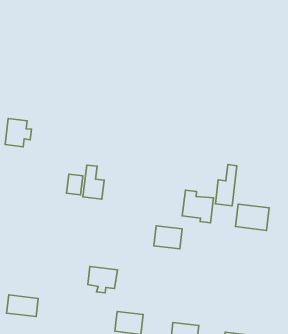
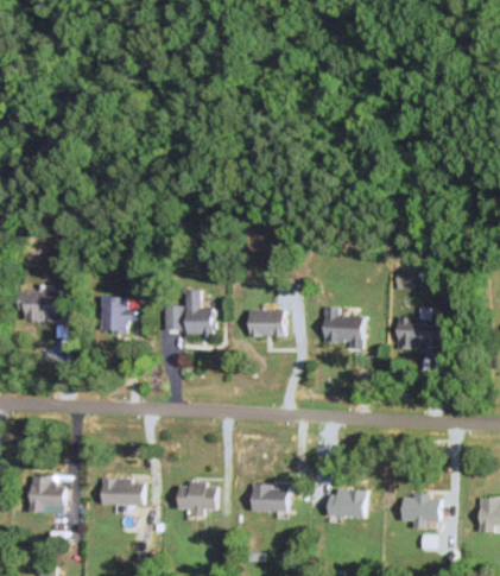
building: [5,119,31,147] -> [100,297,133,333]
building: [215,165,237,206] -> none
building: [154,226,182,249] -> [247,310,283,337]
building: [88,266,118,293] -> [177,482,215,515]

